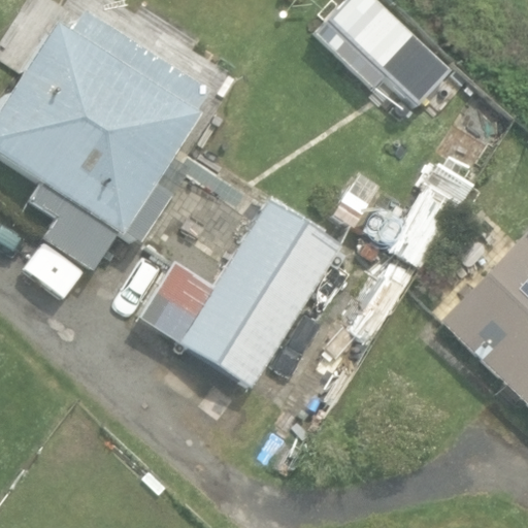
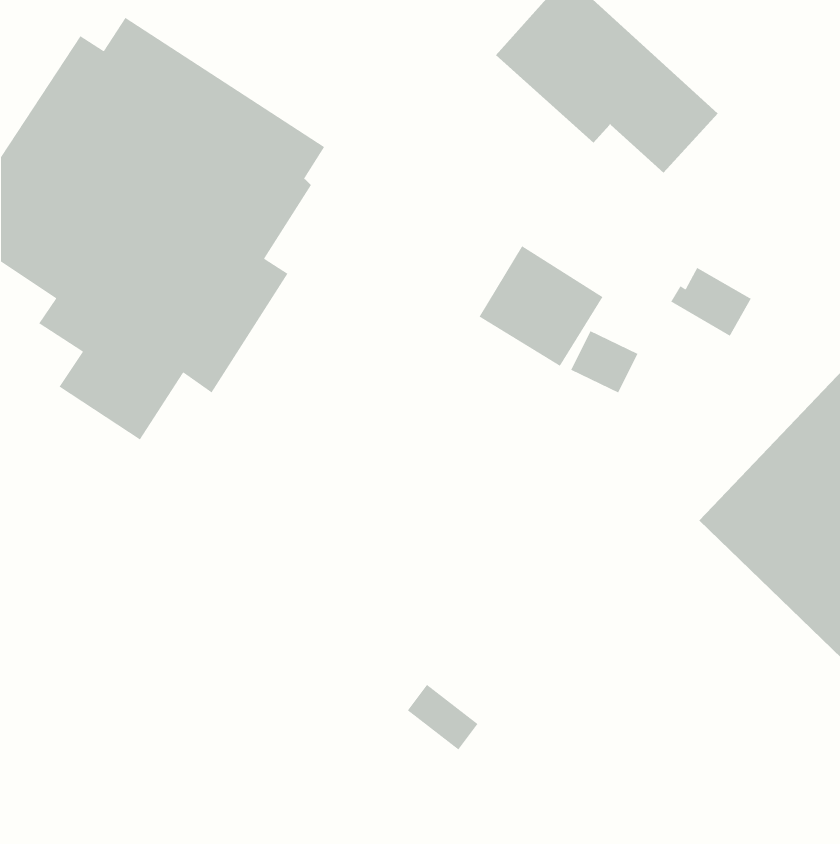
building: [178,199,341,389] -> none

